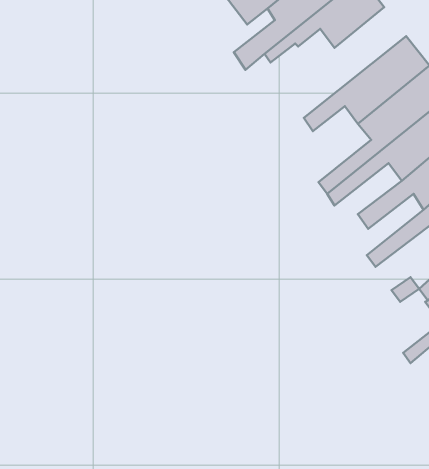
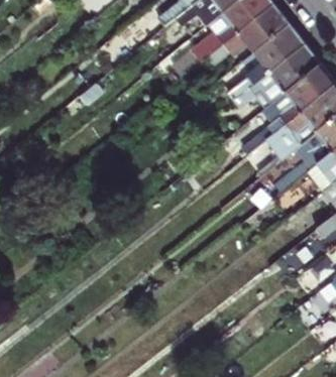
building: none -> [223,22,305,103]

